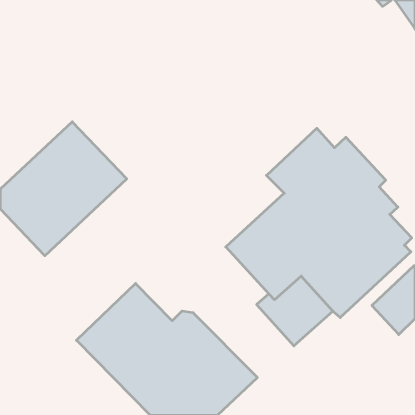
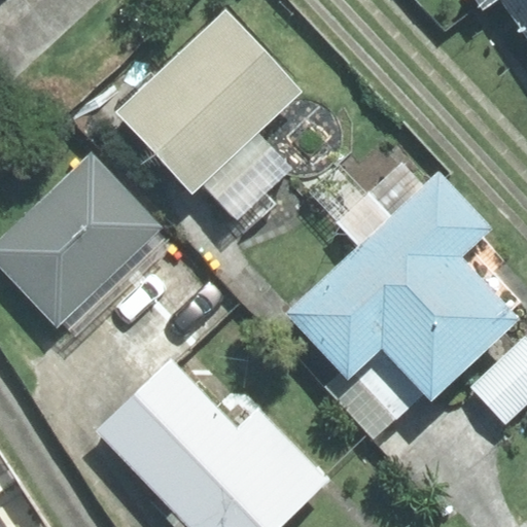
building: none -> [116,12,297,219]

